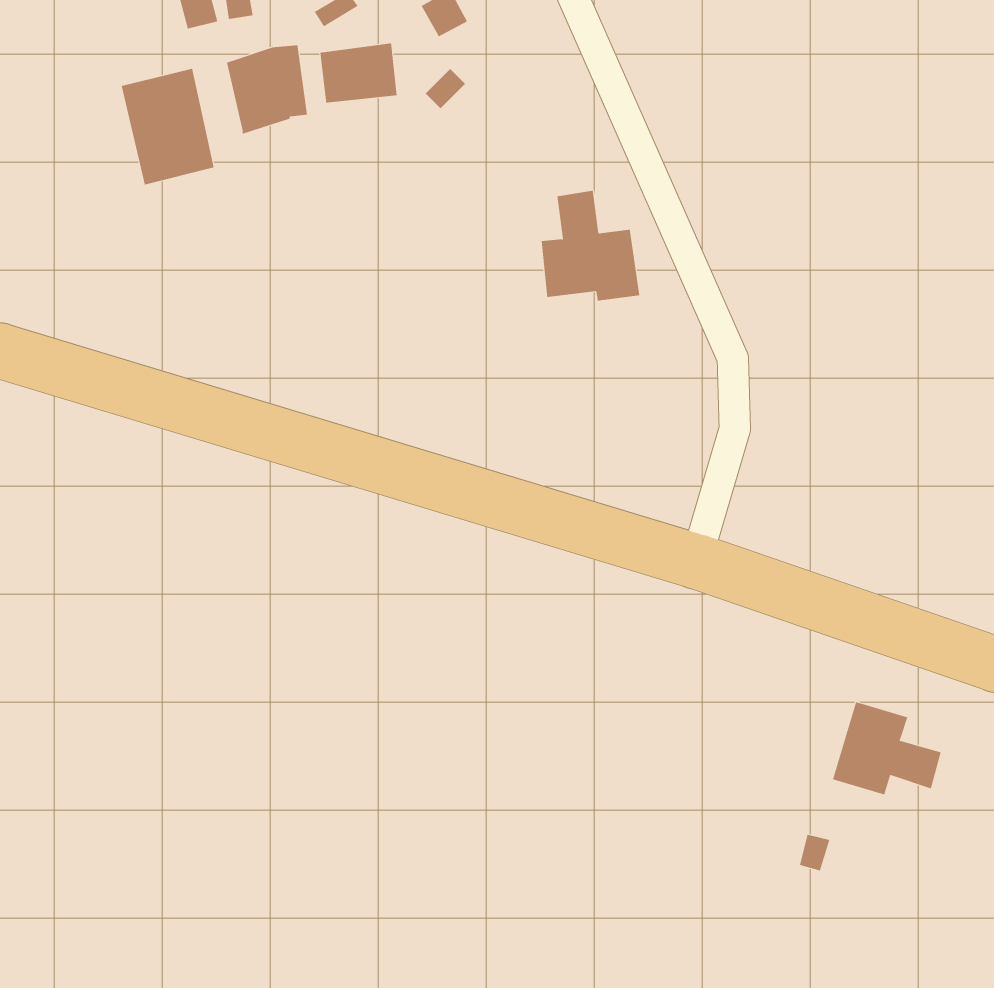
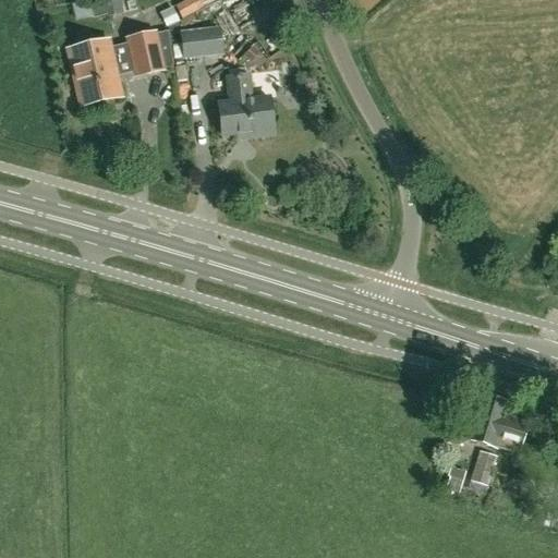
building: [541,190,640,301] -> [219,73,275,135]
building: none -> [470,449,497,484]

